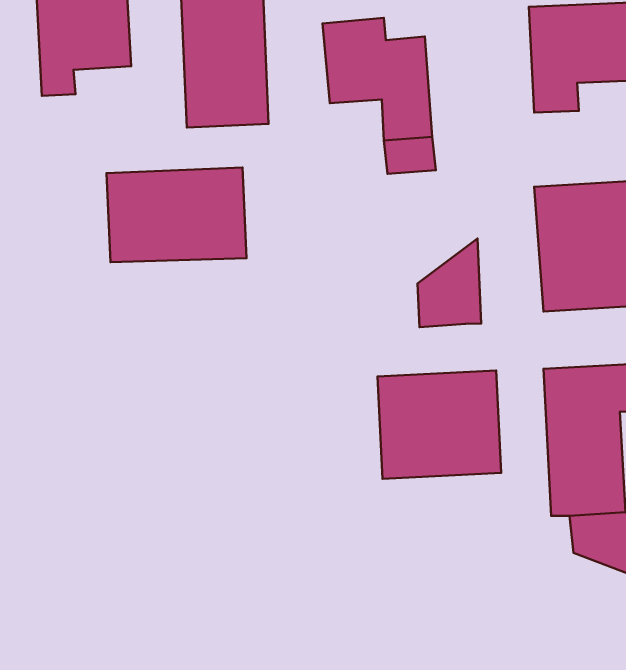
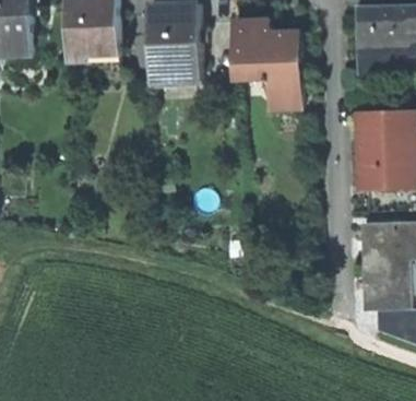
building: [107,167,246,262] -> none
building: [418,238,481,327] -> none
building: [377,370,501,479] -> none

